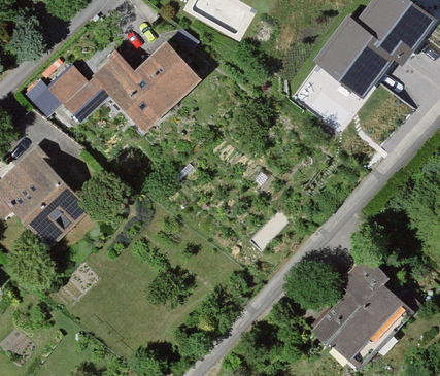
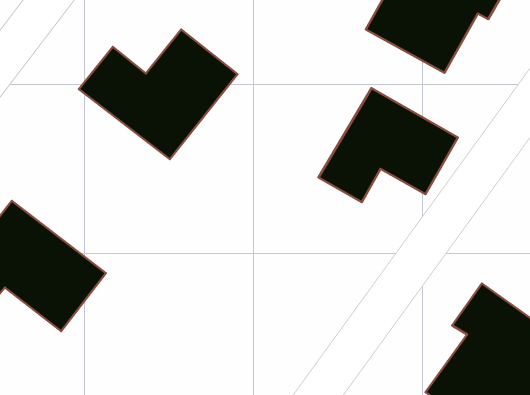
building: [41,57,100,116] -> none
building: none -> [318,88,458,202]

